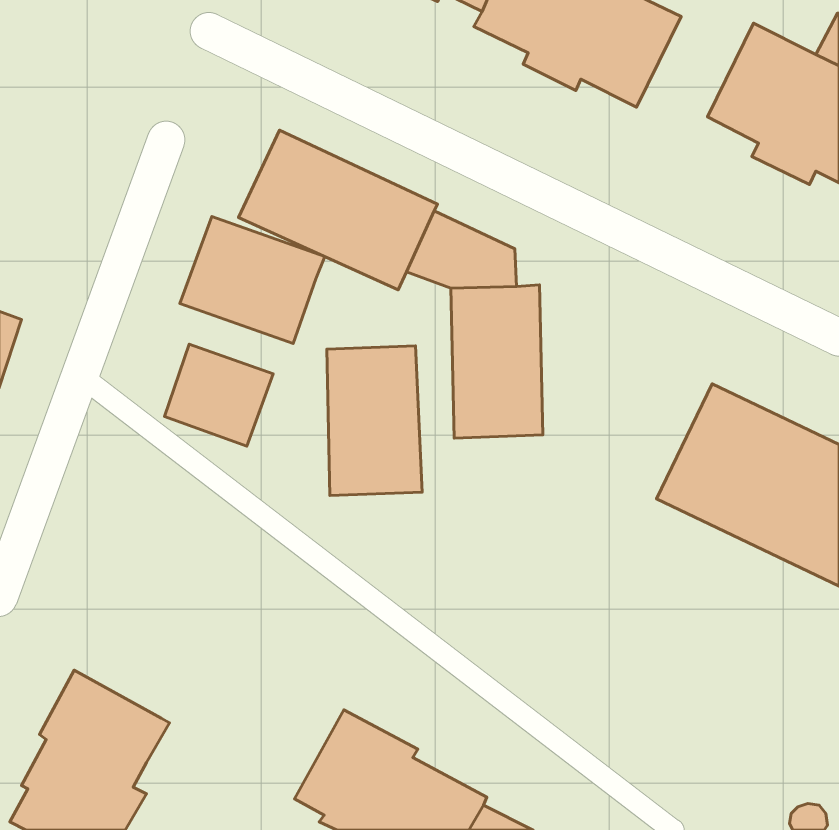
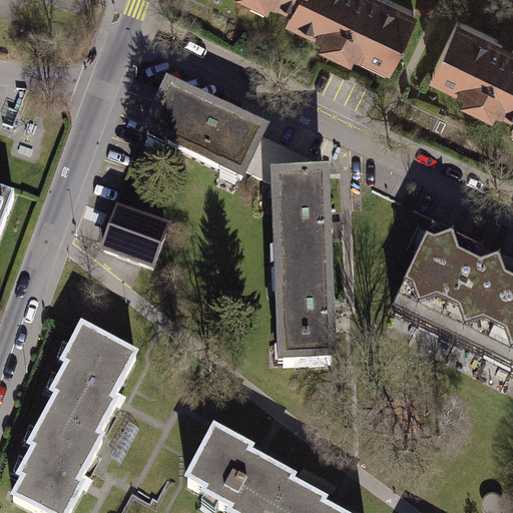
building: [180,217,325,344] -> none
building: [327,346,422,496] -> [277,265,335,356]
building: none -> [45,324,134,437]

